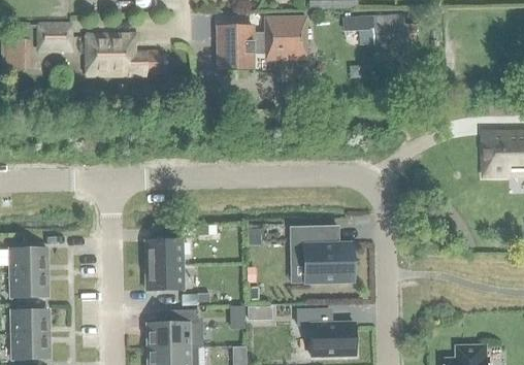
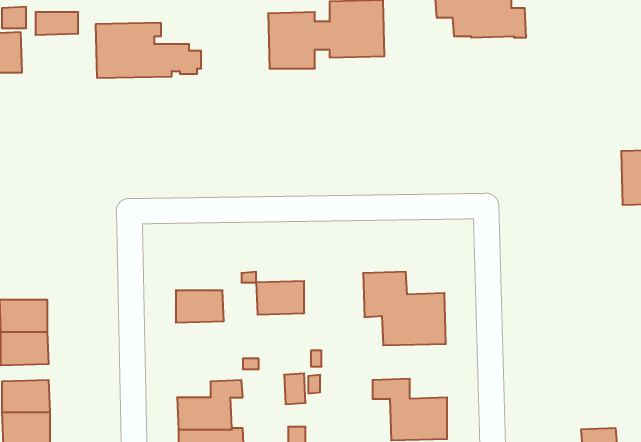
building: [145,264,183,290] -> [256,281,304,314]

